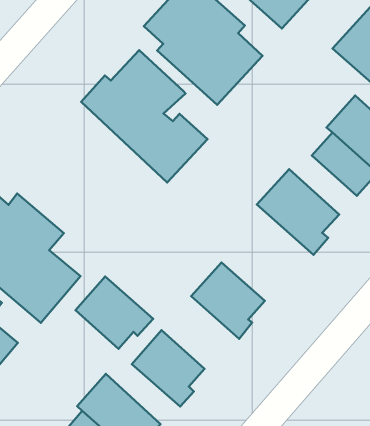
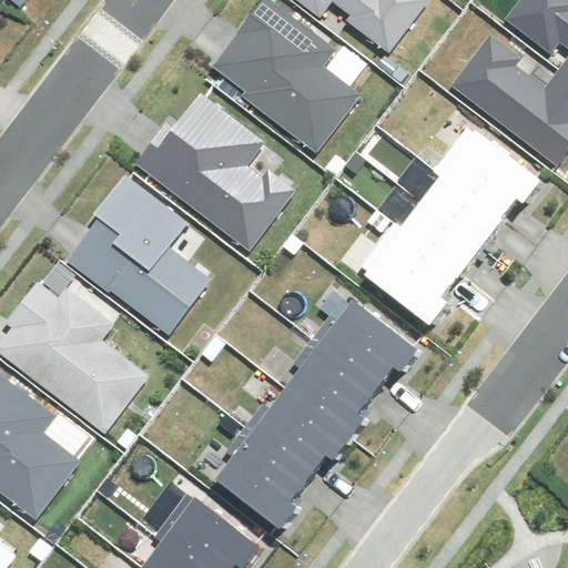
building: none -> [67,172,210,336]
building: none -> [403,205,480,275]
building: none -> [321,301,417,388]
building: [75,276,153,349] -> [253,389,349,477]

